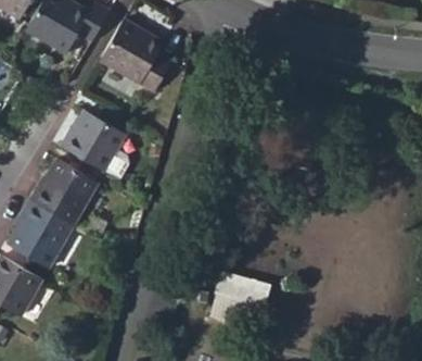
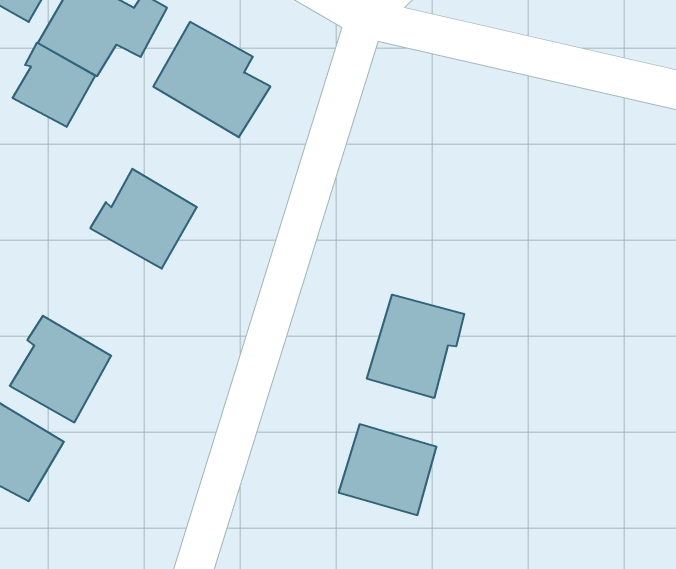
building: none -> [13,43,95,127]
building: [28,160,95,226] -> none
building: none -> [367,295,464,398]

